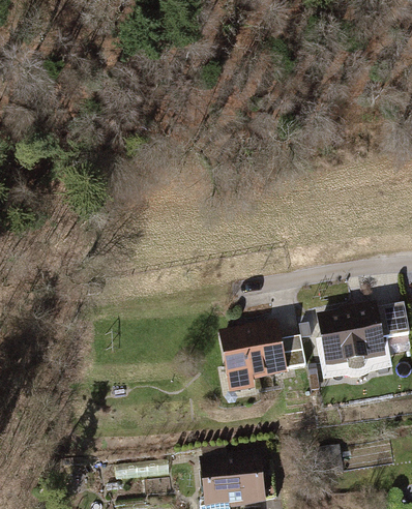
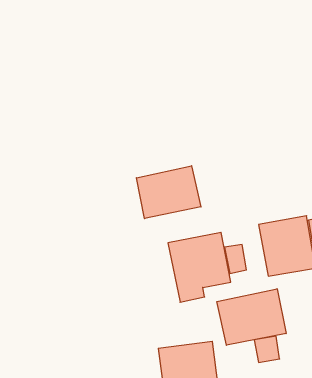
building: none -> [136,166,201,219]
building: none -> [217,289,286,345]

